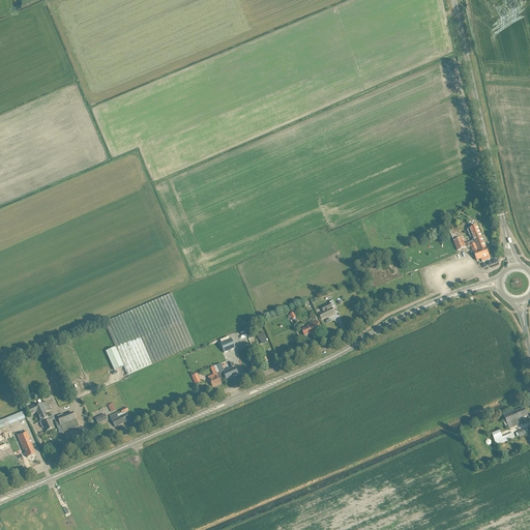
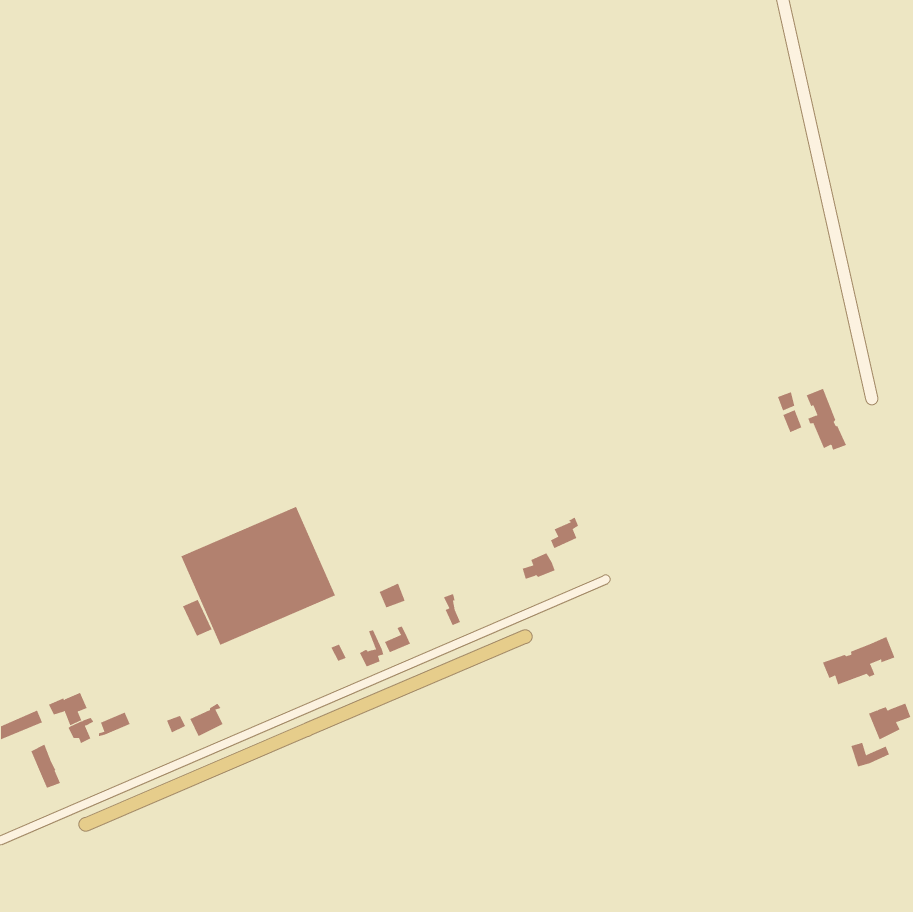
building: none -> [822,636,895,685]

